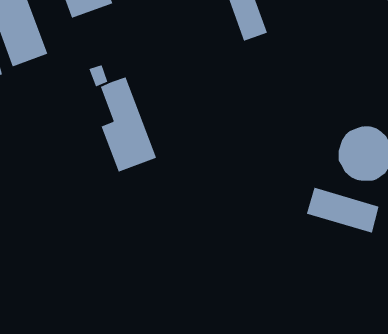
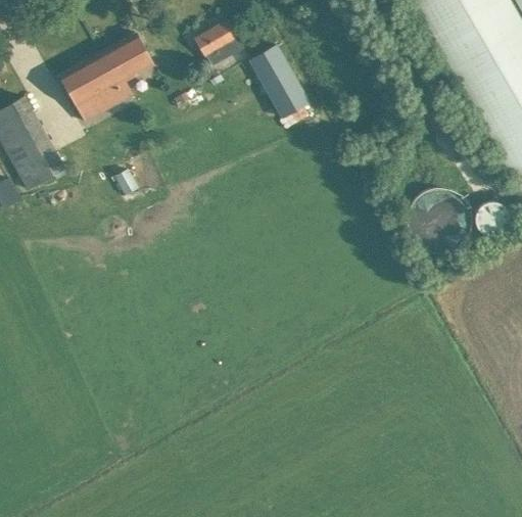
building: [100,77,157,172] -> none
building: [306,187,379,233] -> none

